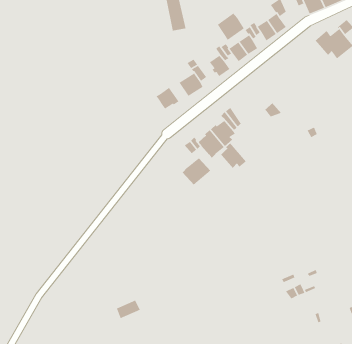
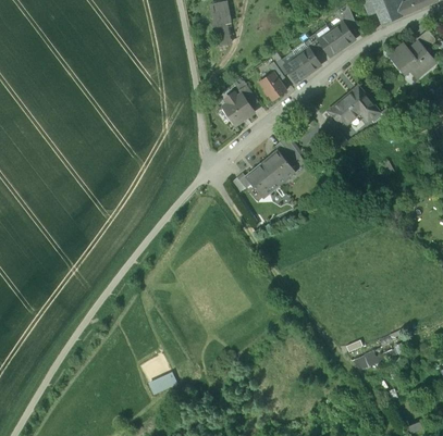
building: [217,13,245,41] -> none
building: none -> [328,85,380,128]
building: [155,87,179,111] -> none
building: [219,142,247,169] -> none
building: [182,157,211,185] -> none

